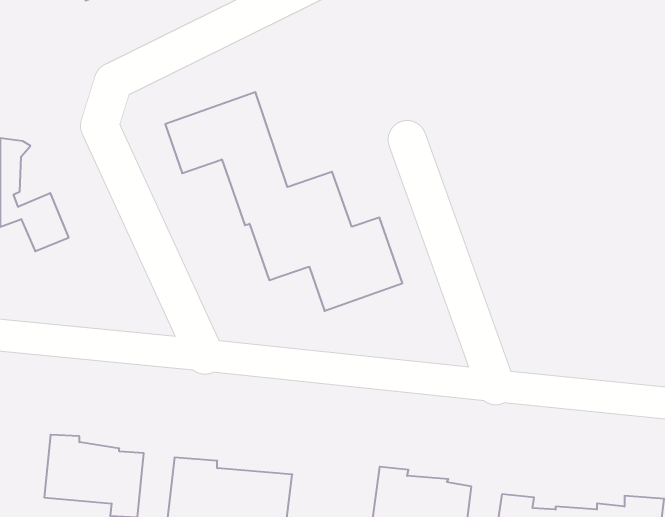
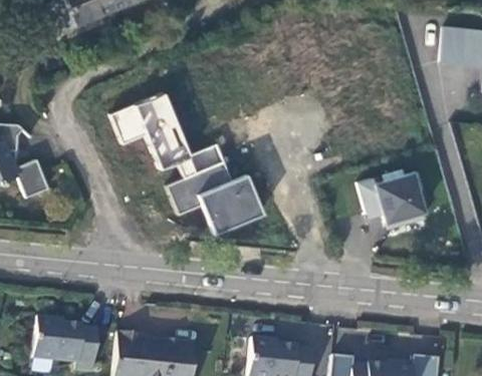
building: none -> [358,171,427,228]

